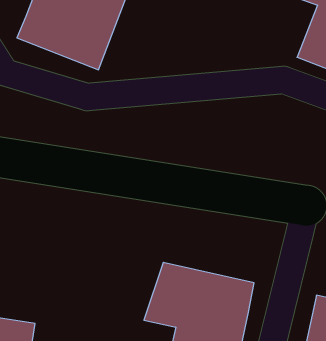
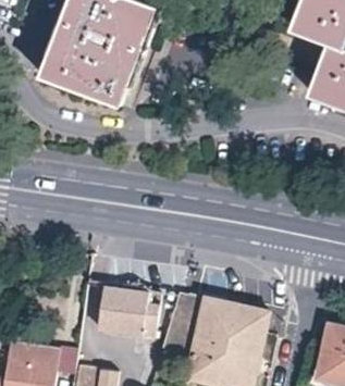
building: none -> [101,288,160,335]

